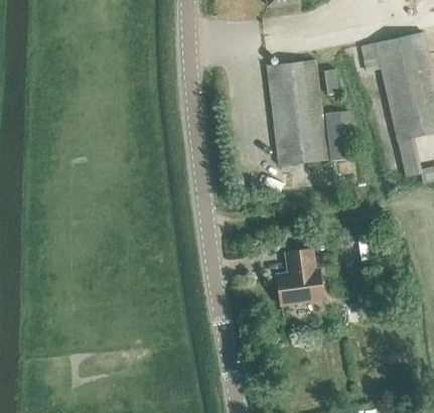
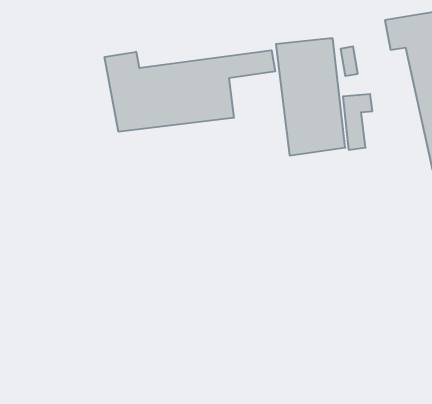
building: none -> [105,50,275,132]
building: [278,248,323,304] -> none

